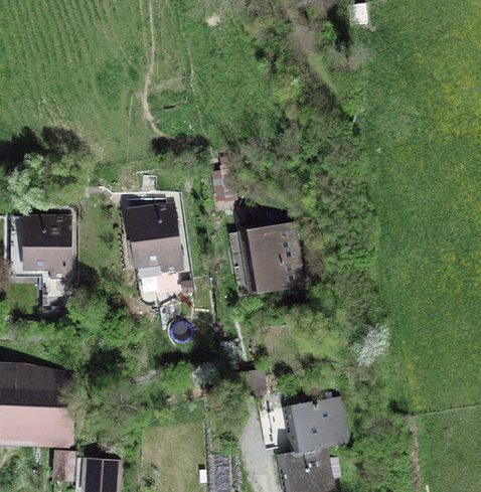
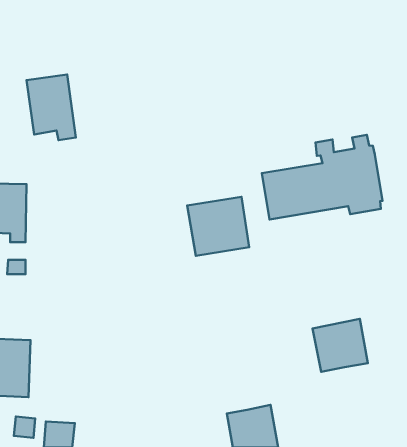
building: none -> [262,135,382,219]
building: [131,204,182,273] -> [26,74,76,140]
building: [291,396,348,452] -> [313,319,368,372]

